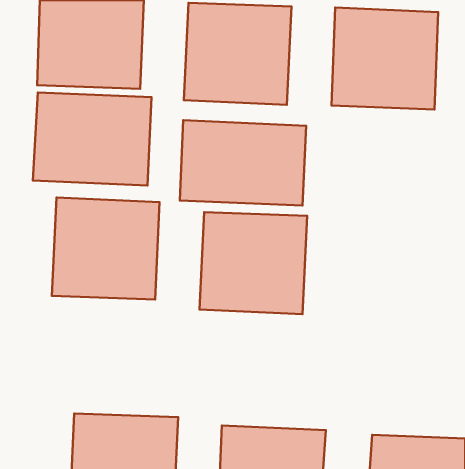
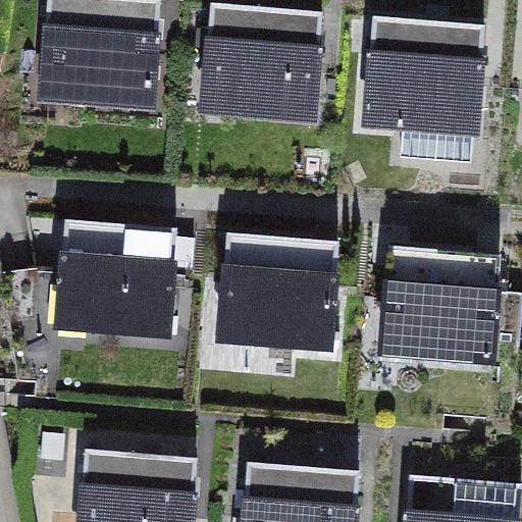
building: [33,92,151,186] -> none
building: [180,120,306,205] -> none
building: none -> [383,251,502,364]

